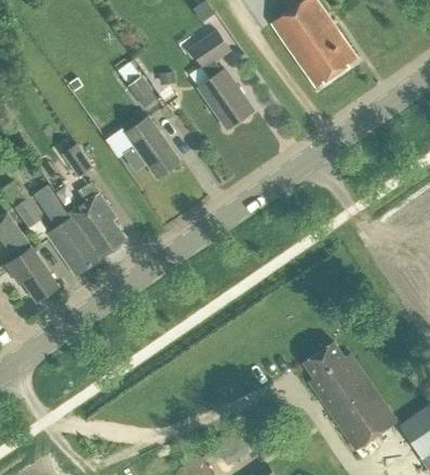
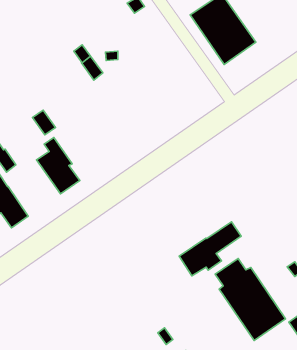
building: [189,32,254,130] -> none
building: [124,118,180,179] -> none
building: [33,185,99,272] -> none
building: none -> [179,222,241,276]

